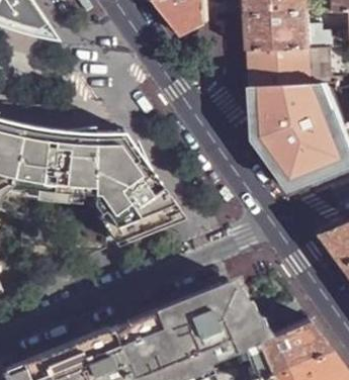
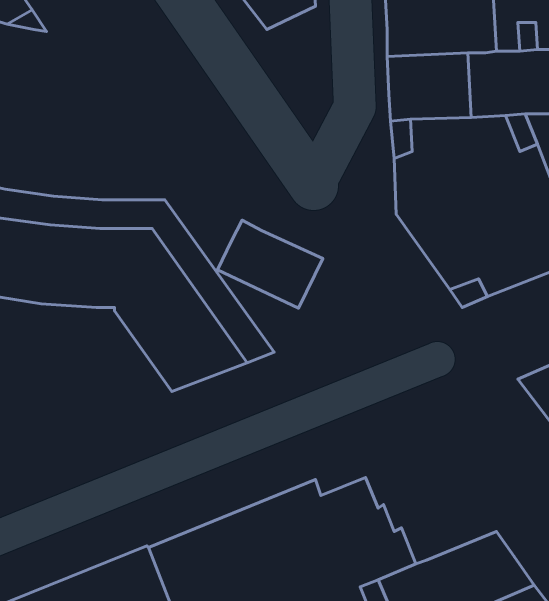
building: none -> [218,220,323,308]

